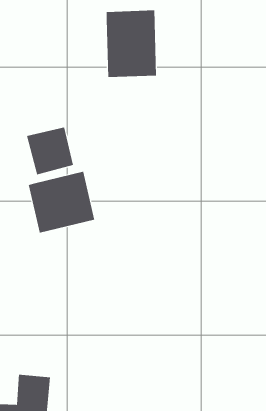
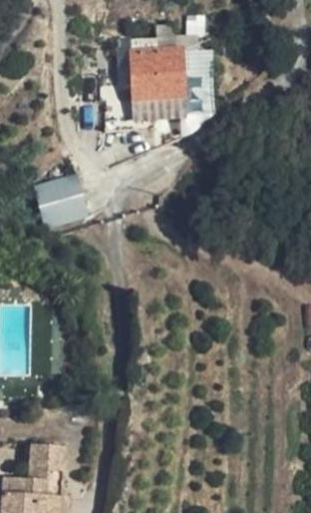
building: [28,171,95,233] -> none

